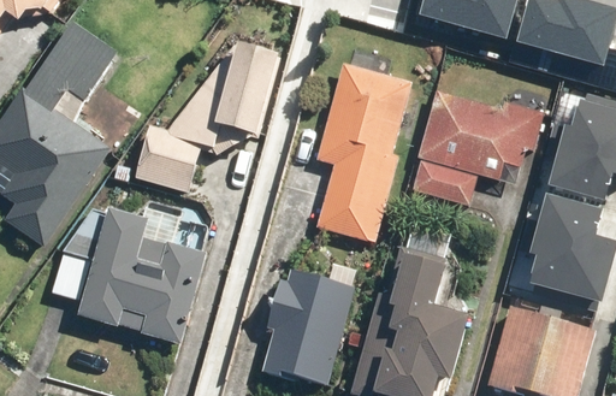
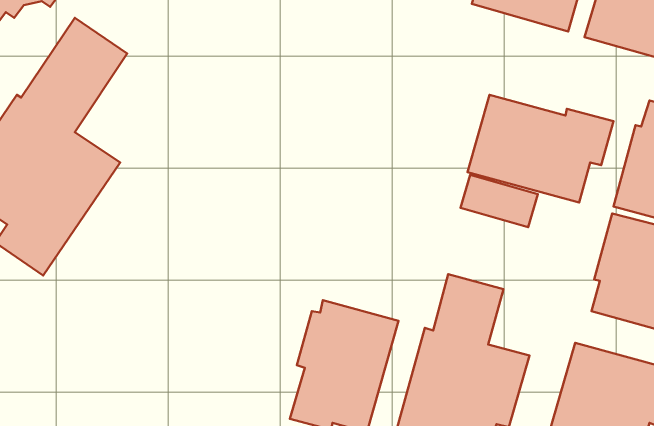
building: [136,42,282,190] -> none
building: [315,61,413,242] -> none
building: [51,206,206,343] -> none

